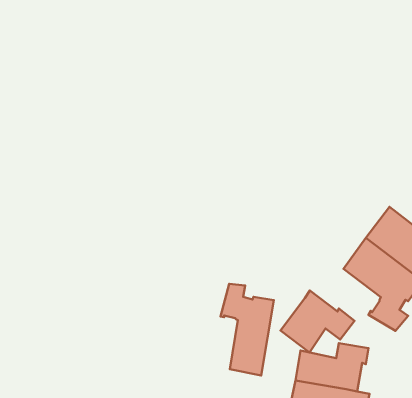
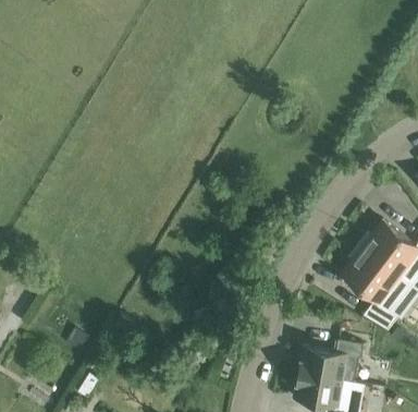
building: [221,284,274,376] -> none
building: [281,290,354,353] -> none

